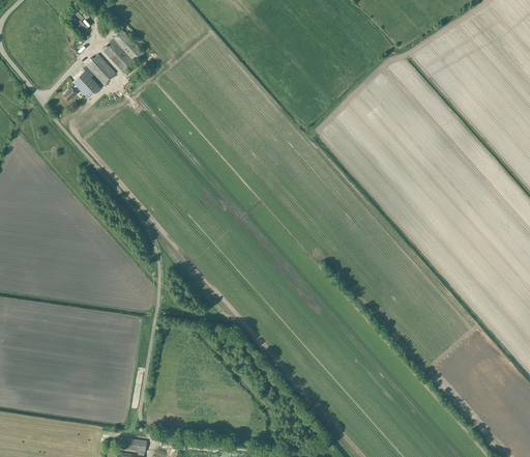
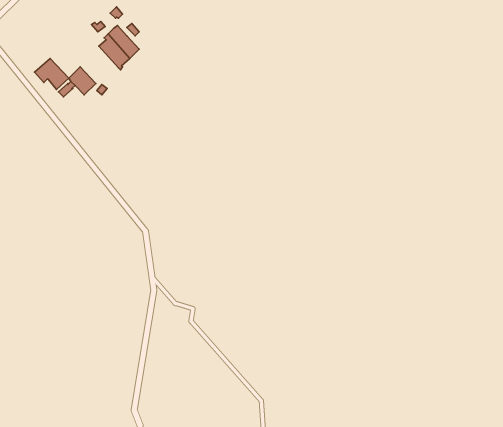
building: [82,53,116,84] -> [35,59,69,90]

